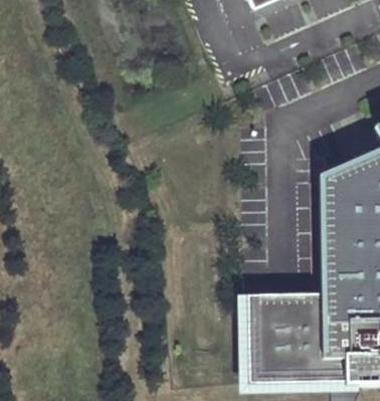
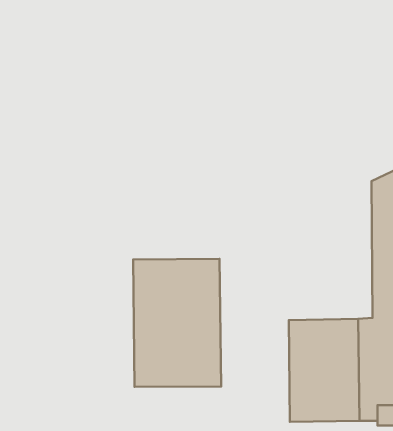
building: none -> [133,259,221,387]

